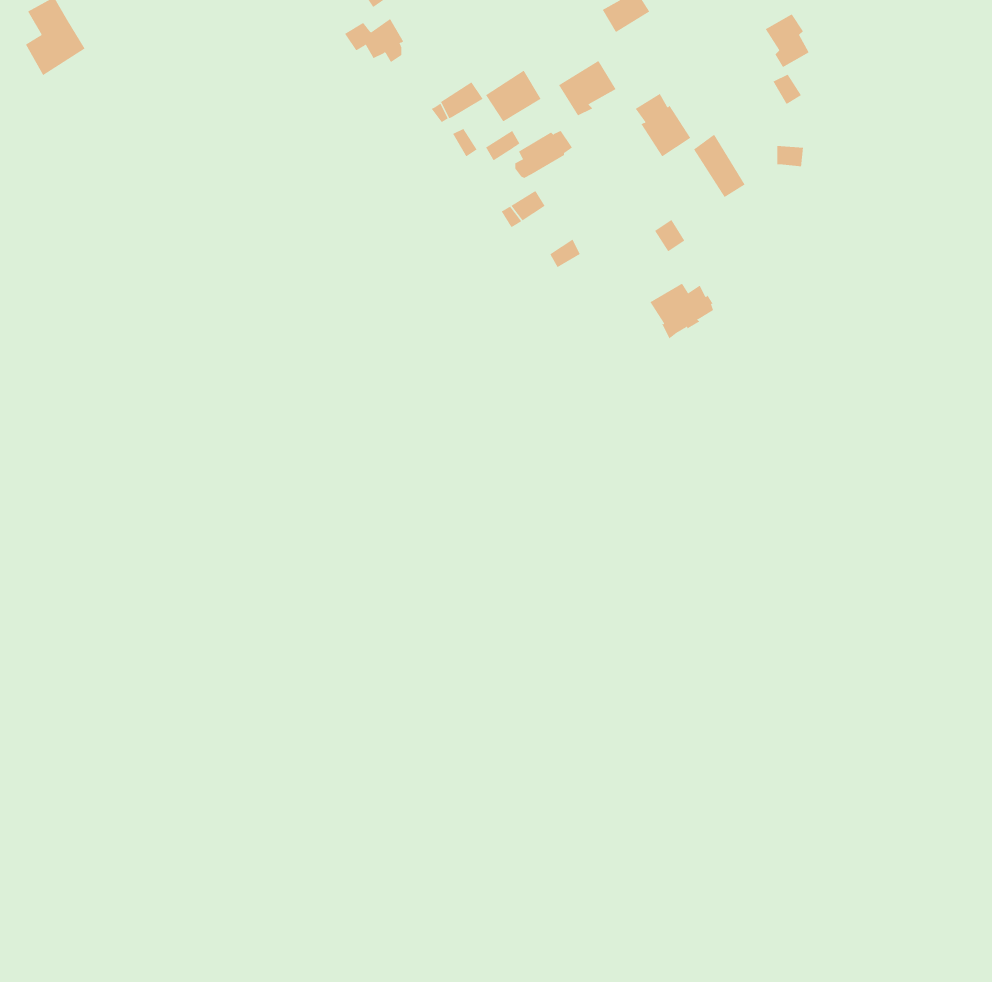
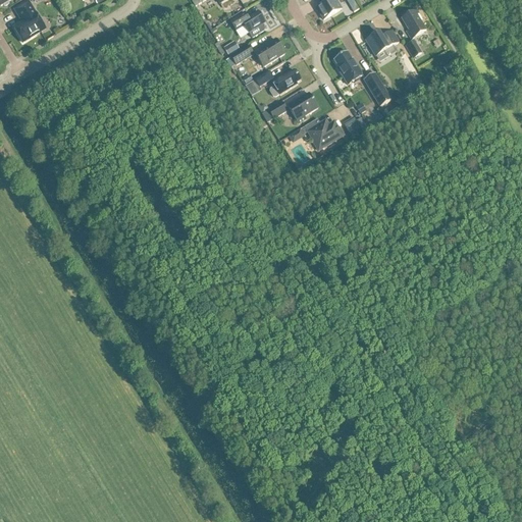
building: [344,18,404,63] -> [233,8,265,32]
building: none -> [366,29,399,54]
building: [558,60,616,116] -> [288,91,318,120]
building: [650,283,714,339] -> [308,118,342,148]

